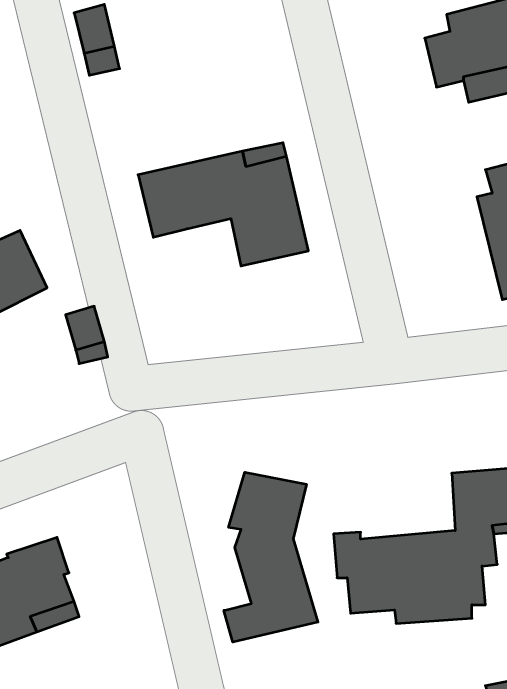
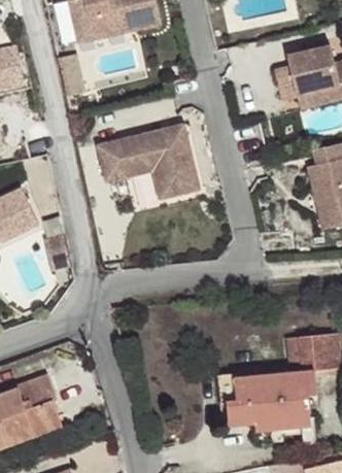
building: [224,472,318,642] -> none

